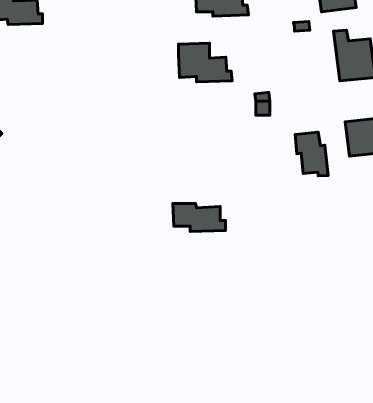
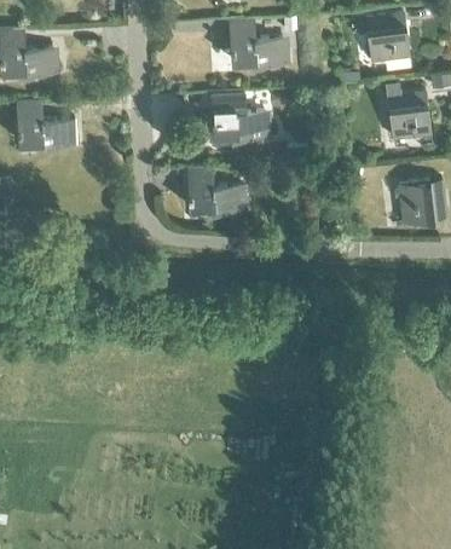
building: none -> [16,103,76,148]
building: [295,132,328,176] -> none
building: [173,203,226,231] -> [187,183,247,214]

